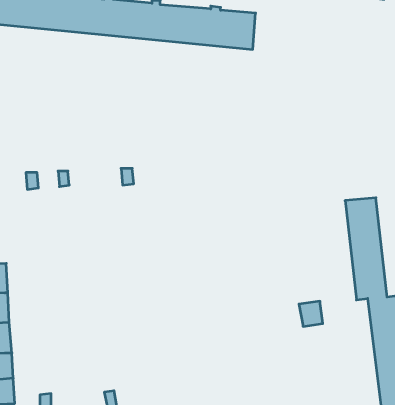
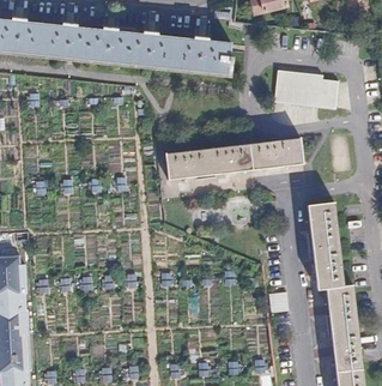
building: none -> [275,66,340,105]
building: none -> [165,138,303,179]

